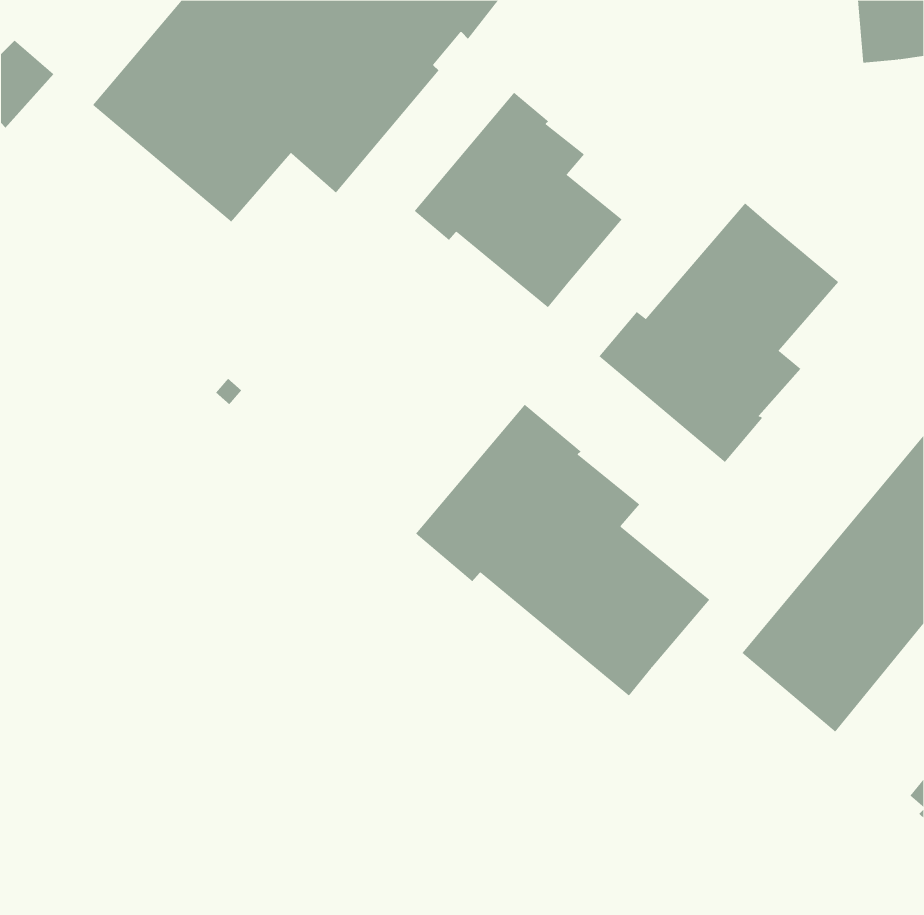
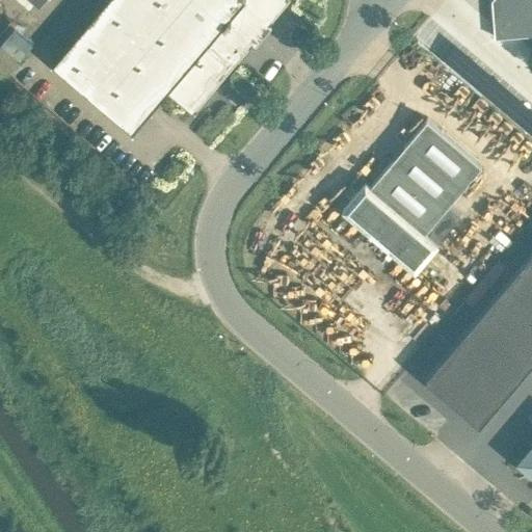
building: [414,92,622,308] -> none
building: [415,404,710,696] -> none

